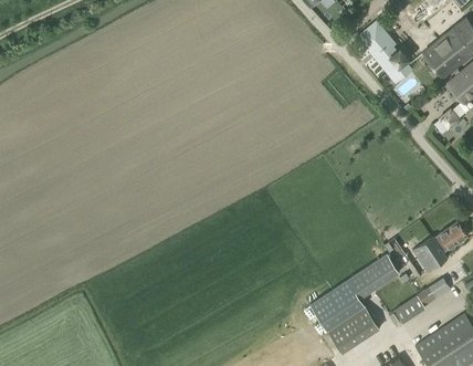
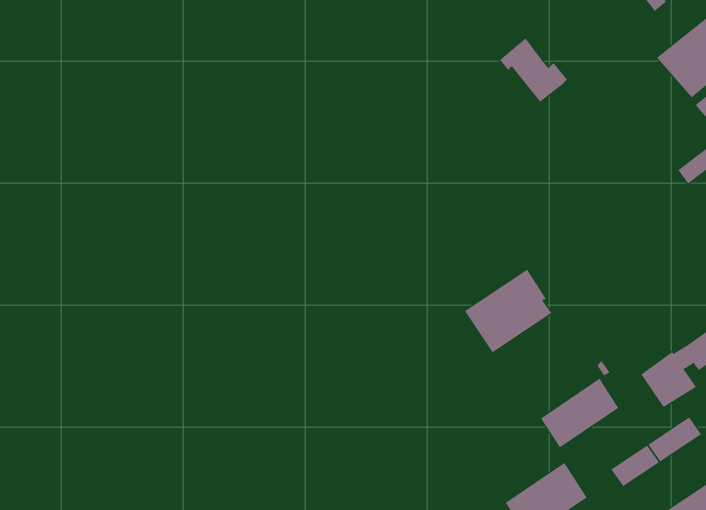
building: [366,32,409,73] -> [499,37,568,102]
building: [309,279,365,332] -> [464,269,552,353]

